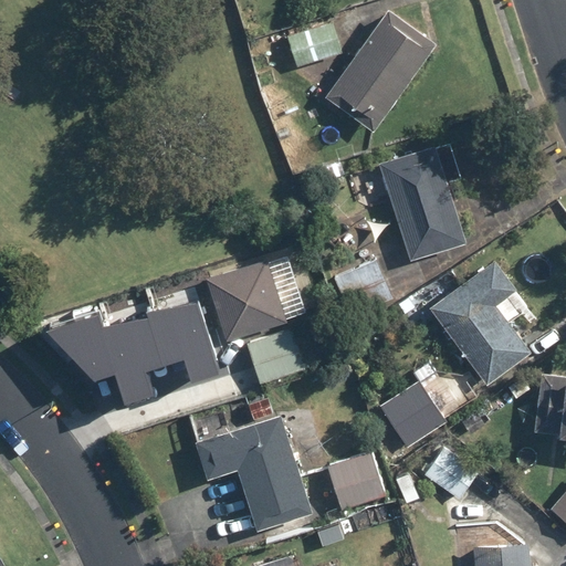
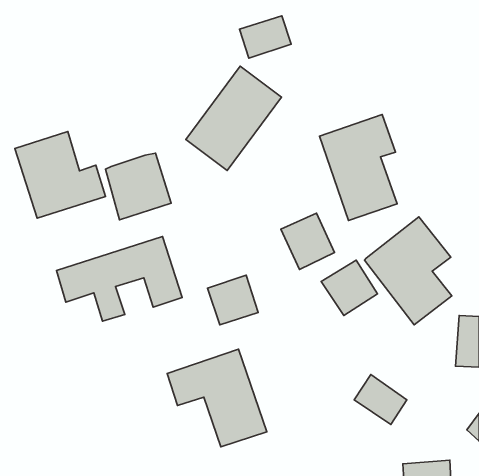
building: [324,11,437,134] -> [186,66,282,170]
building: none -> [15,131,105,218]
building: [206,260,283,338] -> [106,153,171,220]
building: [380,384,447,449] -> [321,260,378,315]
building: [327,455,386,512] -> none

